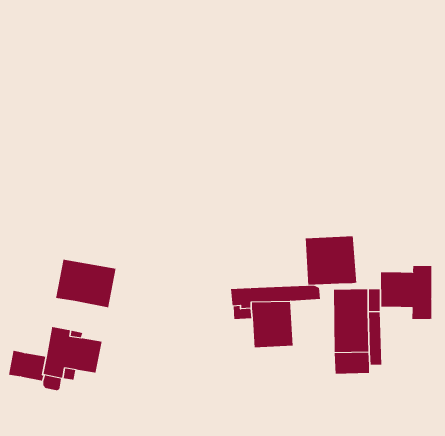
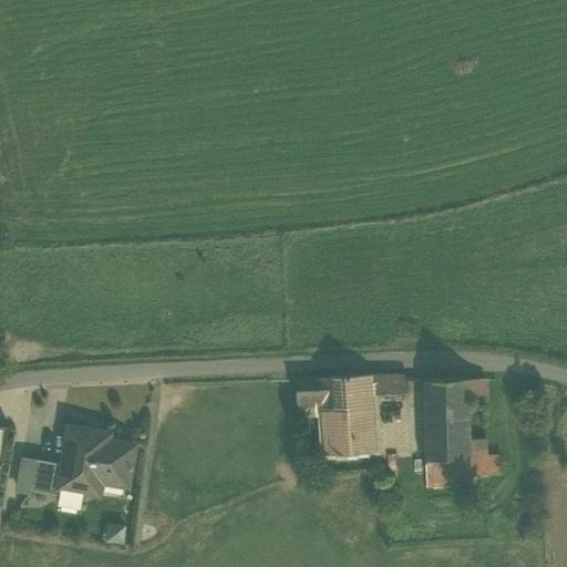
building: [305,236,357,285] -> none
building: [56,259,116,308] -> none
building: [380,265,432,320] -> none

